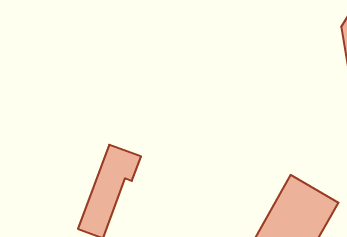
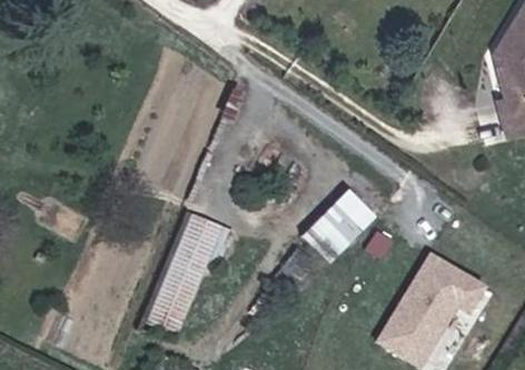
building: none -> [301,187,377,262]

